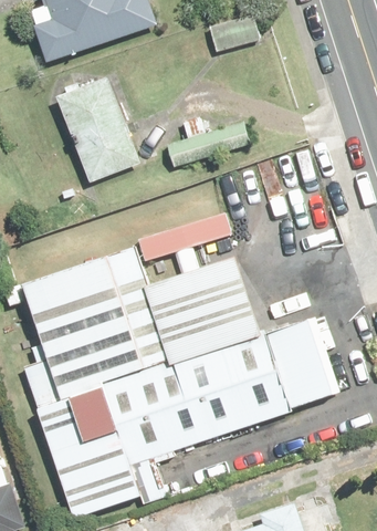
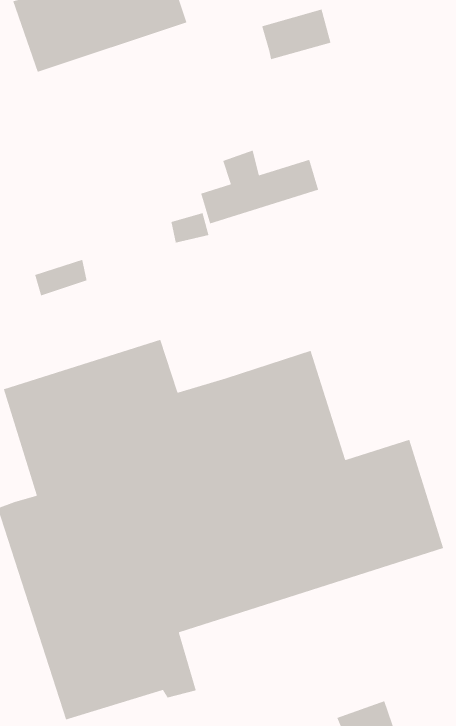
building: [59,77,142,184] -> none
building: [138,212,231,271] -> none

